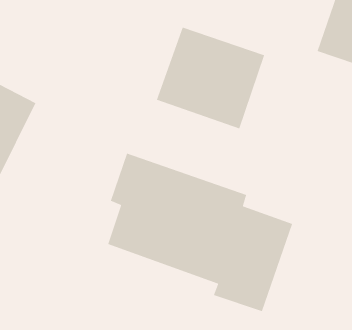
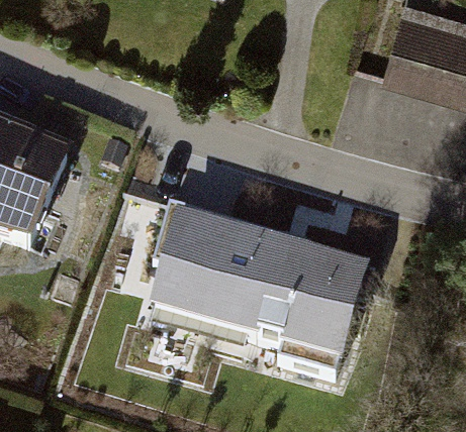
building: [156,26,265,129] -> none

